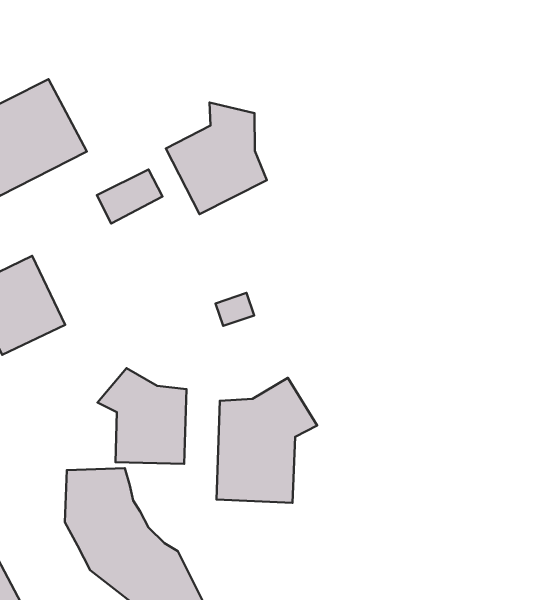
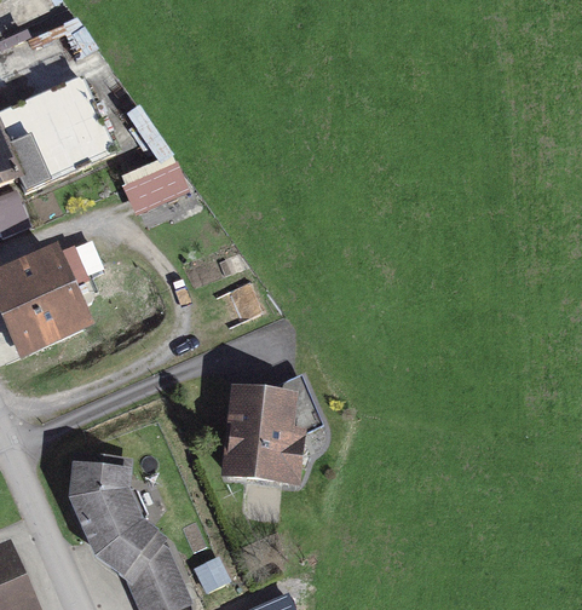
building: [166,103,267,214] -> none
building: [97,368,187,464] -> none

